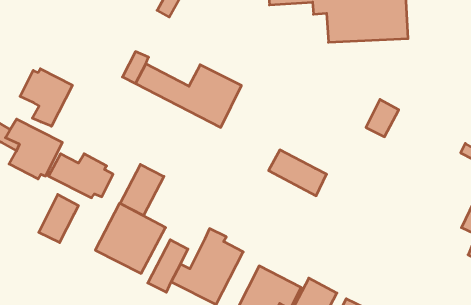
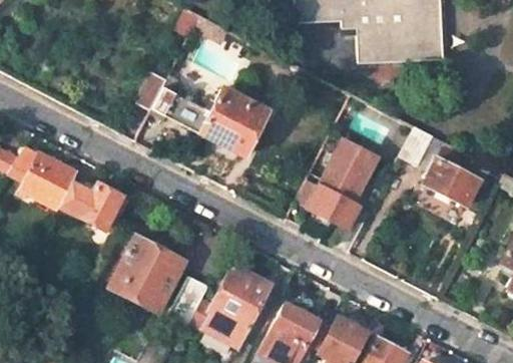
building: [20,69,72,126] -> none
building: none -> [307,138,376,199]
building: none -> [422,158,478,206]
building: [120,164,164,215] -> none
building: [39,194,78,243] -> none

